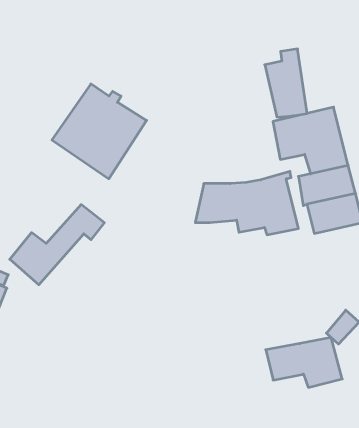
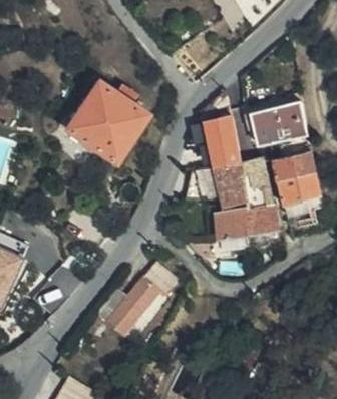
building: [265,49,307,117] -> [203,109,238,165]
building: [10,205,104,285] -> [98,271,177,337]
building: [266,338,342,387] -> [215,203,278,244]

